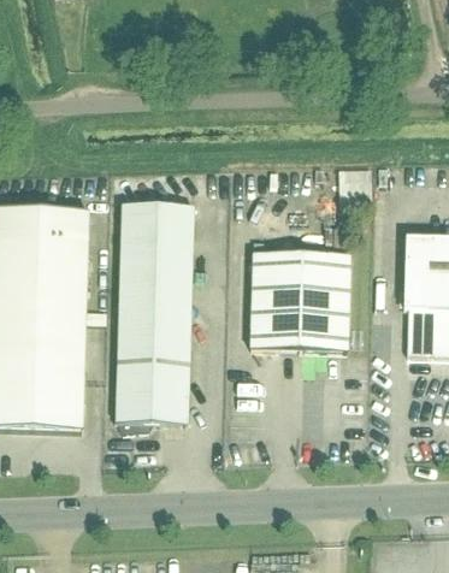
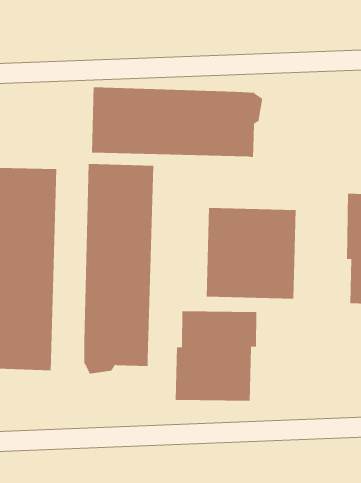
building: none -> [92,87,263,158]
building: none -> [175,311,257,401]

